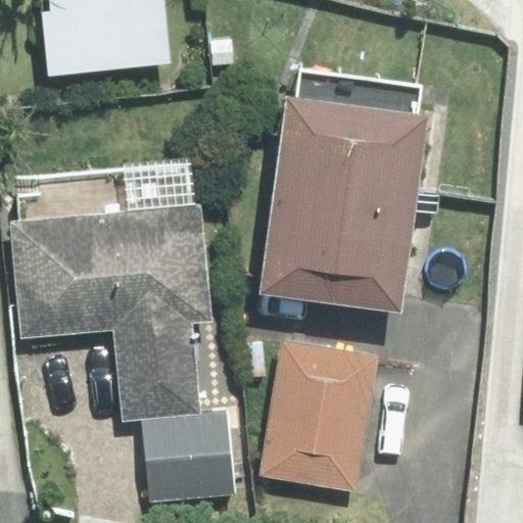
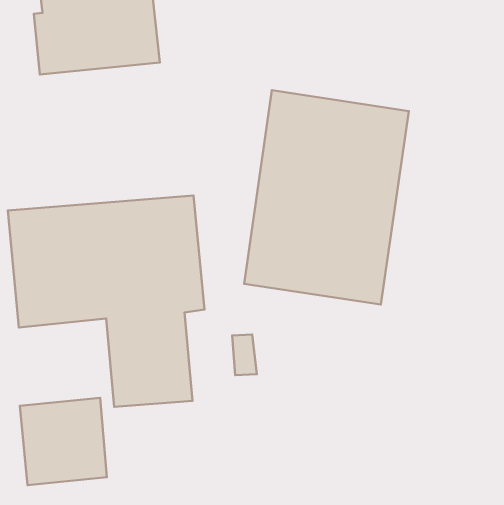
building: [262,338,378,488] -> none
building: [145,413,235,503] -> [20,398,107,485]

